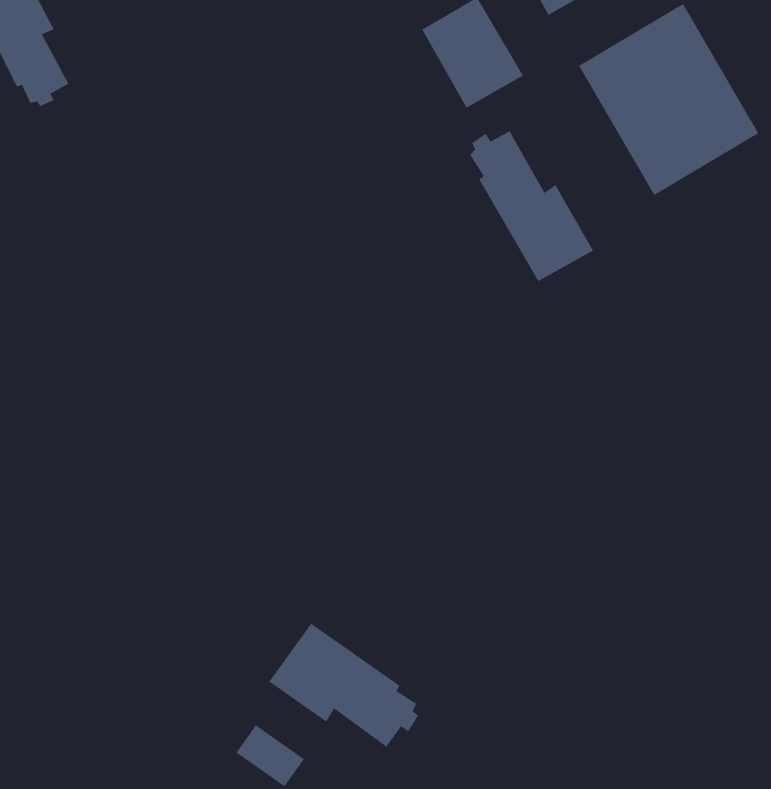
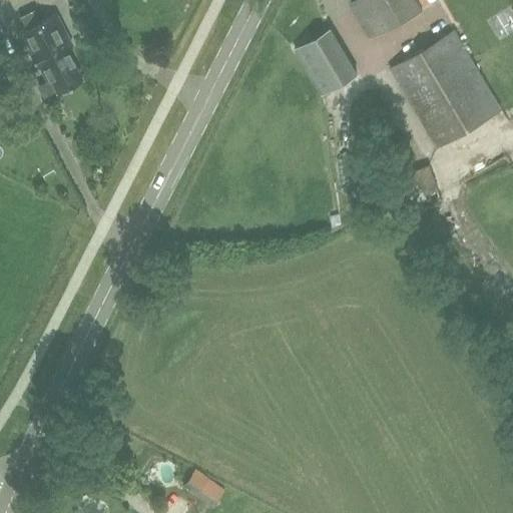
building: [469,130,594,282] -> none
building: [269,623,419,748] -> none

